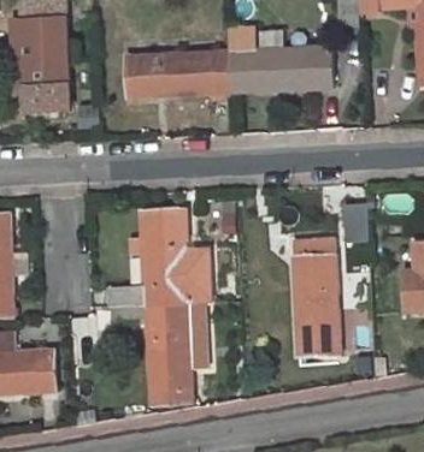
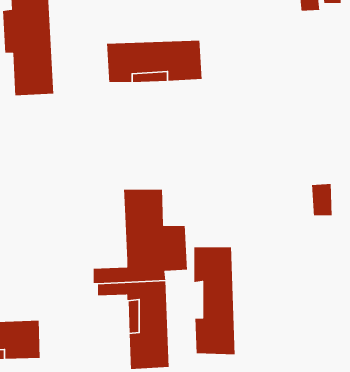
building: [223,22,328,94] -> none
building: [290,239,335,355] -> [194,247,235,355]

